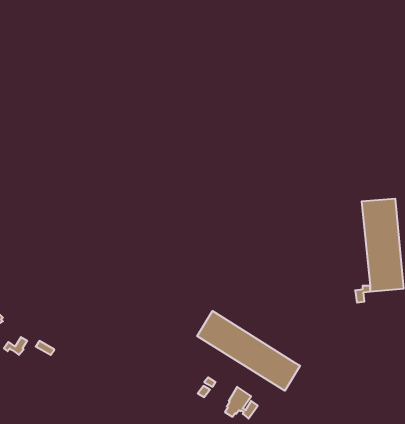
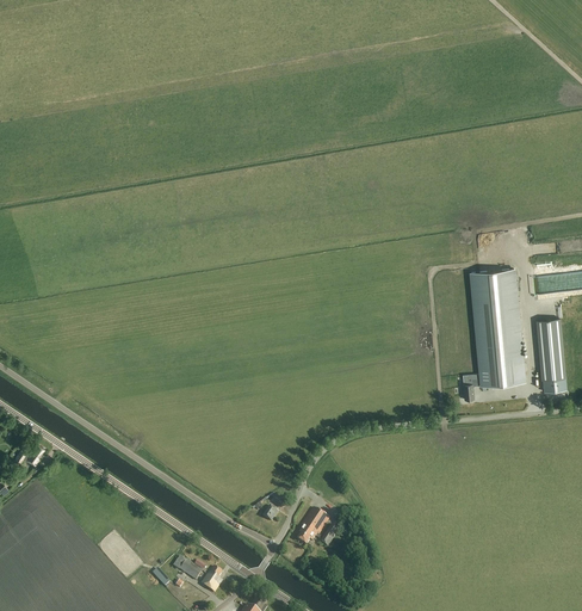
building: [197,311,300,391] -> none

